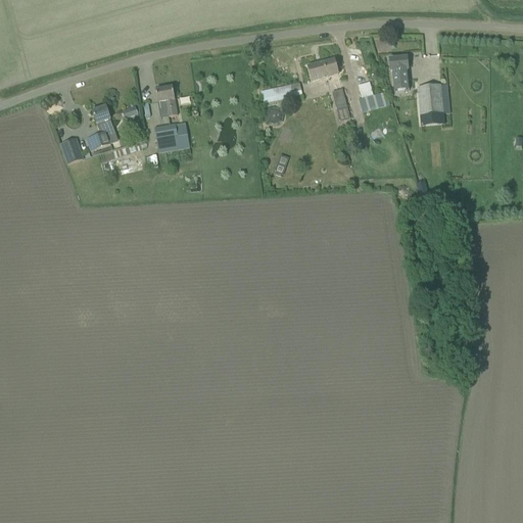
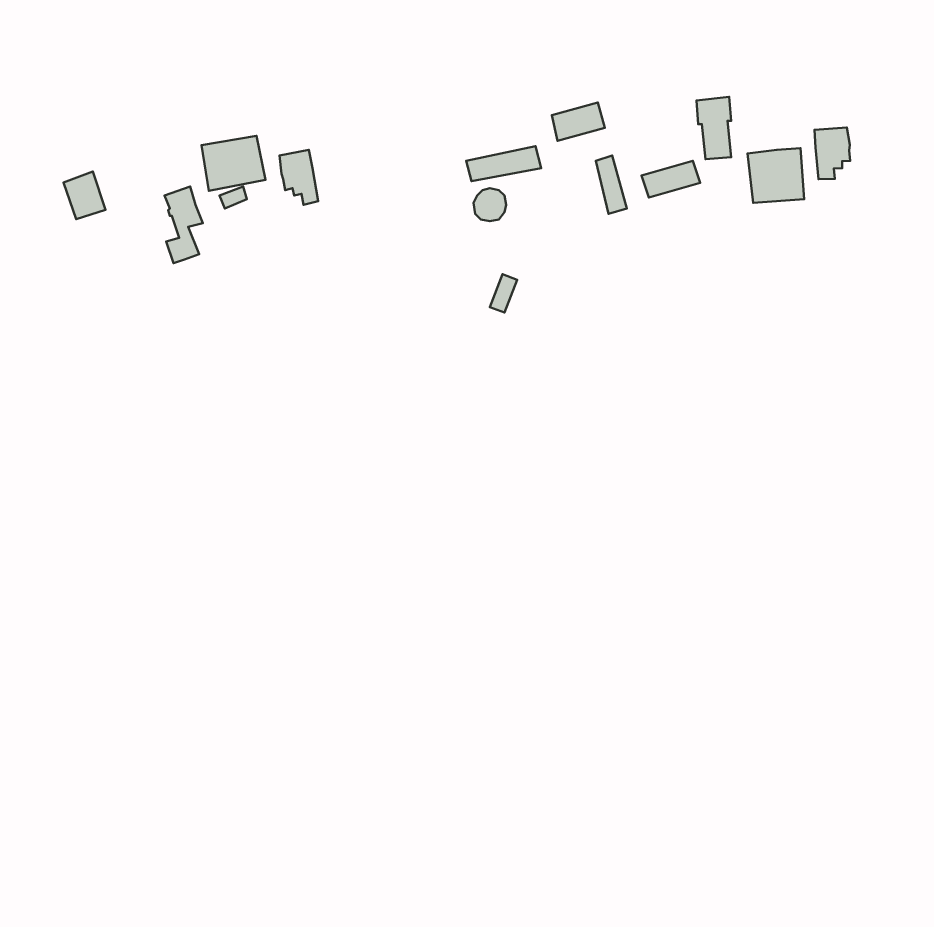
building: none -> [815,128,850,179]
building: [154,121,190,151] -> [202,136,265,191]
building: [60,137,84,163] -> [63,172,106,219]

